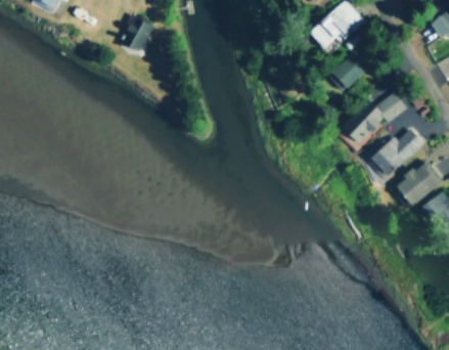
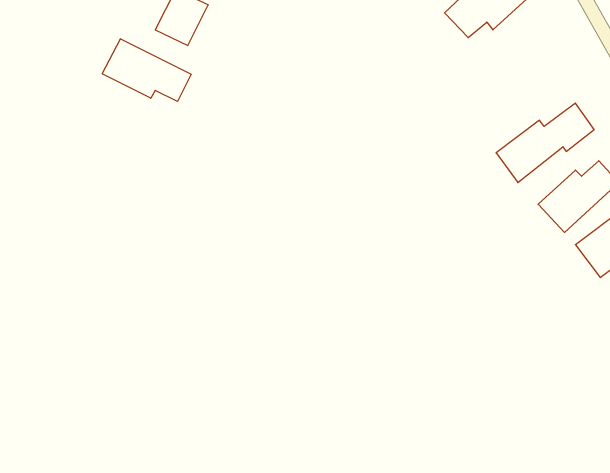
building: none -> [102,39,191,101]
building: [330,51,371,91] -> none

